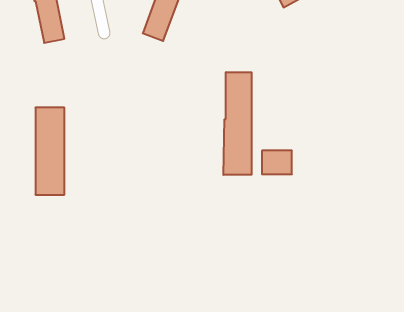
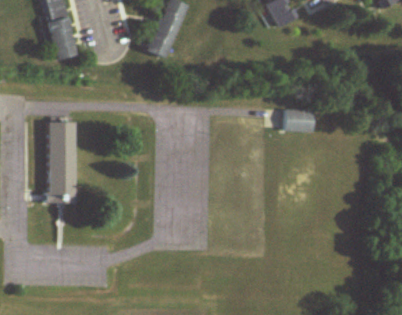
building: [223,72,252,175] -> none
building: [262,151,292,174] -> [287,109,315,131]

